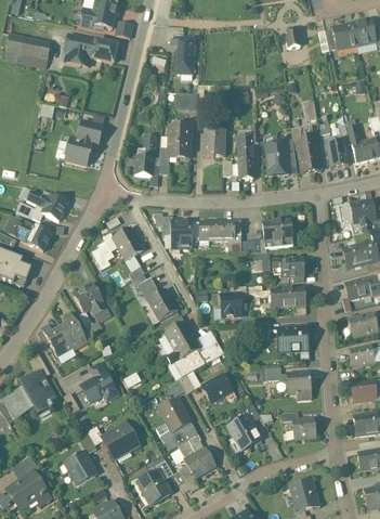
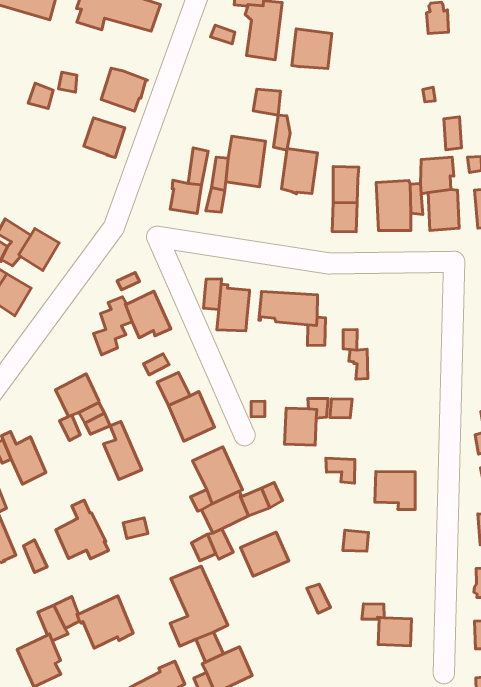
building: none -> [292,29,332,69]
building: [65,138,93,164] -> [101,68,148,111]
building: [263,218,292,246] -> none
building: [272,256,304,276] -> none
building: [265,286,305,308] -> none
building: [61,311,87,348] -> [103,422,142,480]
building: [286,371,311,399] -> none
building: [227,415,260,450] -> none

